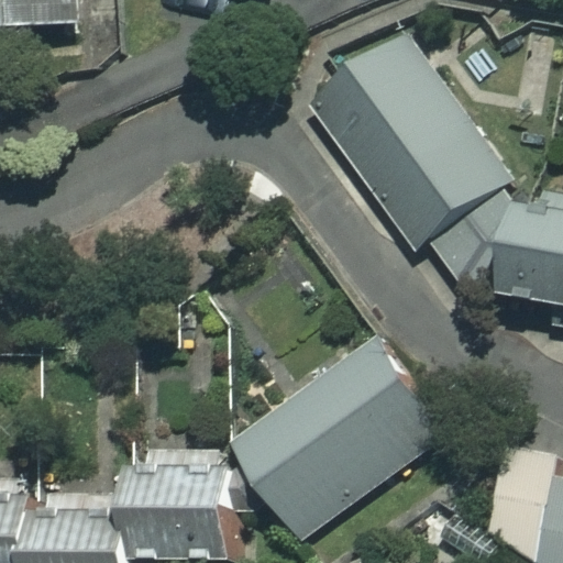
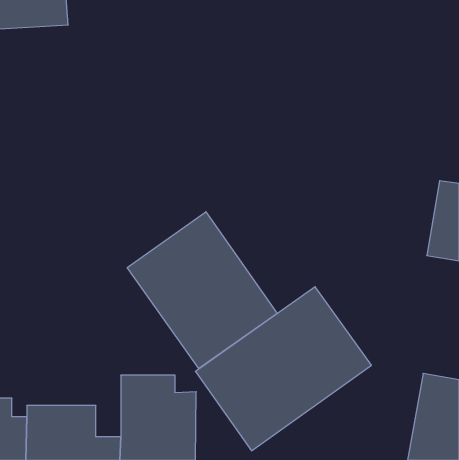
building: [316,44,510,285] -> none
building: none -> [127,212,277,369]

